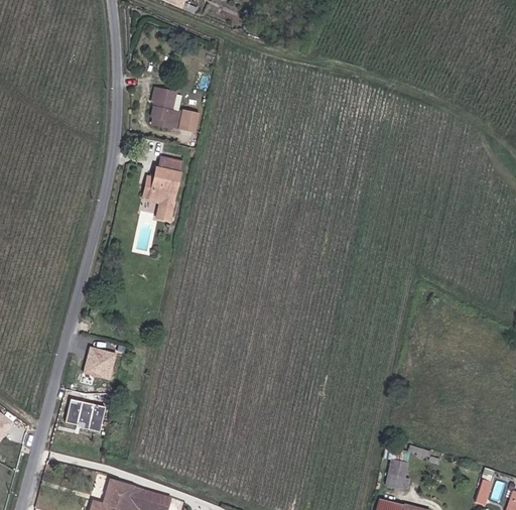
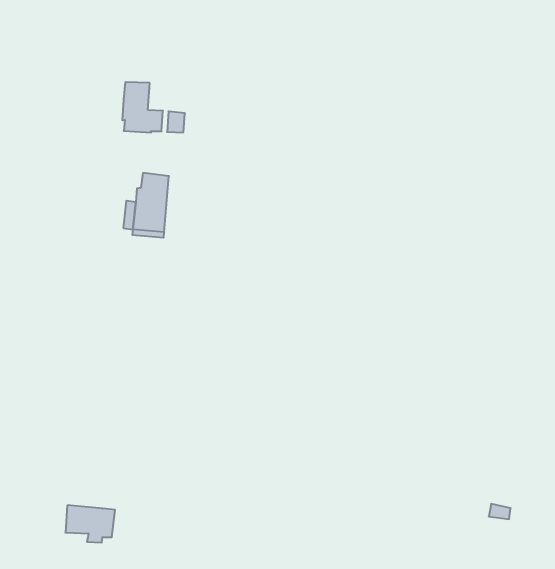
building: [82,347,116,379] -> none
building: [386,454,405,481] -> none

